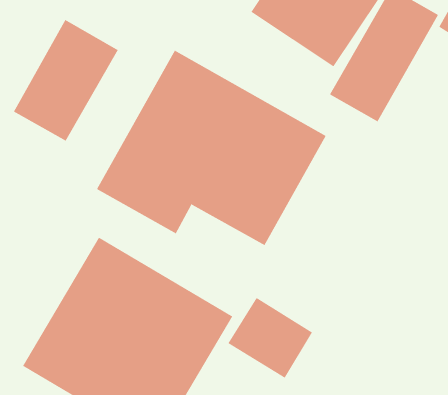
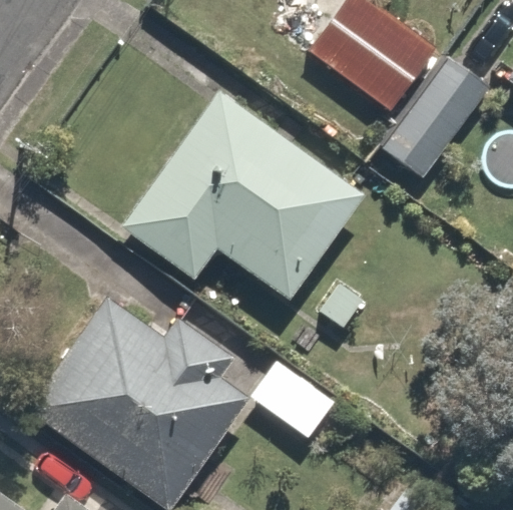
building: [13,19,118,141] -> none

